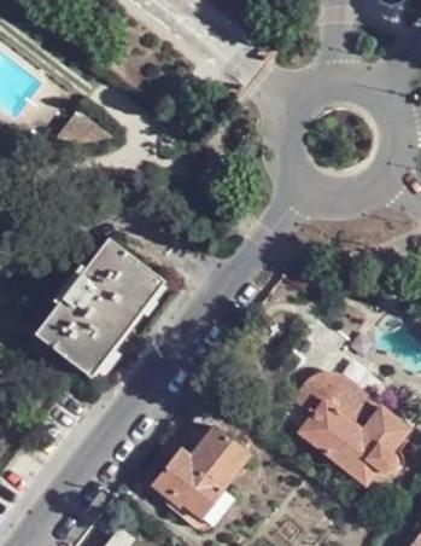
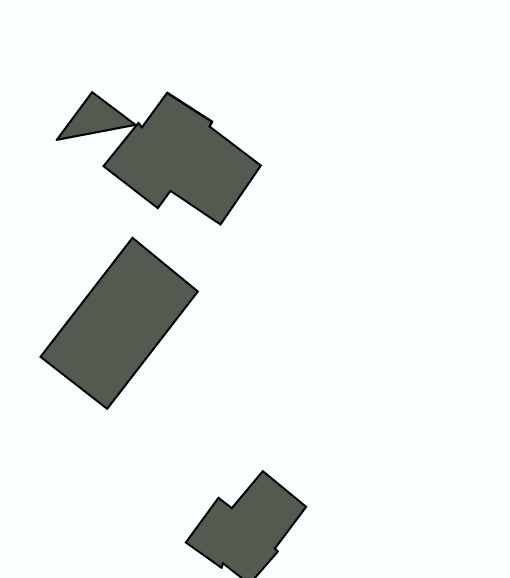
building: none -> [104,93,261,224]
building: [291,373,408,482] -> none

